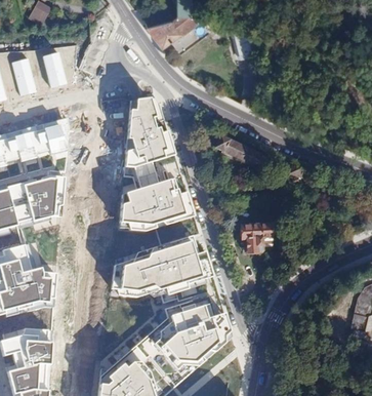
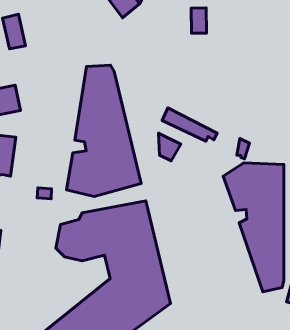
building: none -> [159,133,181,161]
building: none -> [223,163,284,292]
building: [238,223,270,250] -> none

